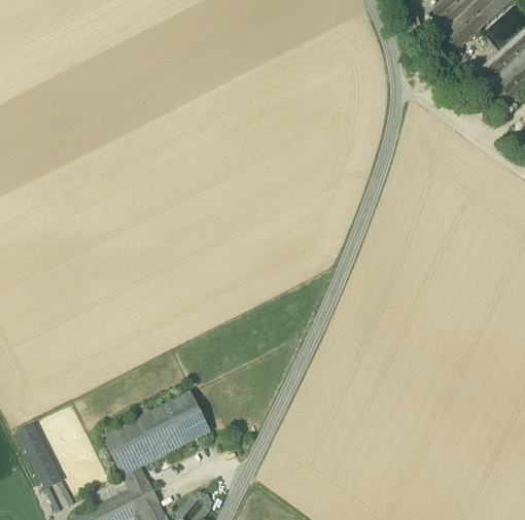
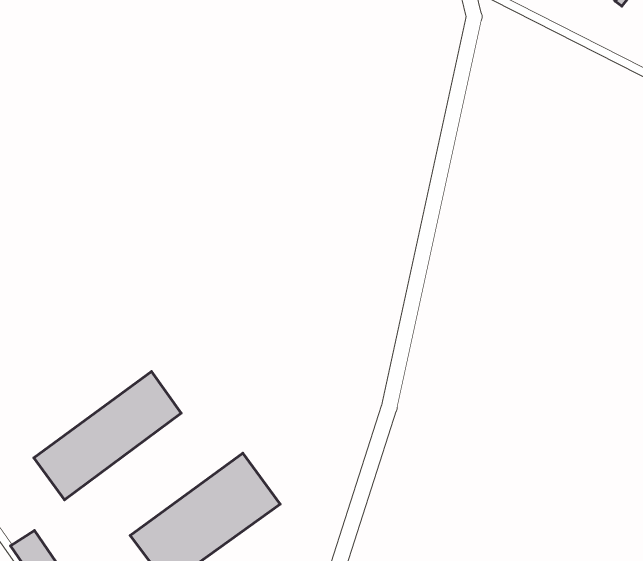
building: none -> [34,372,181,500]

